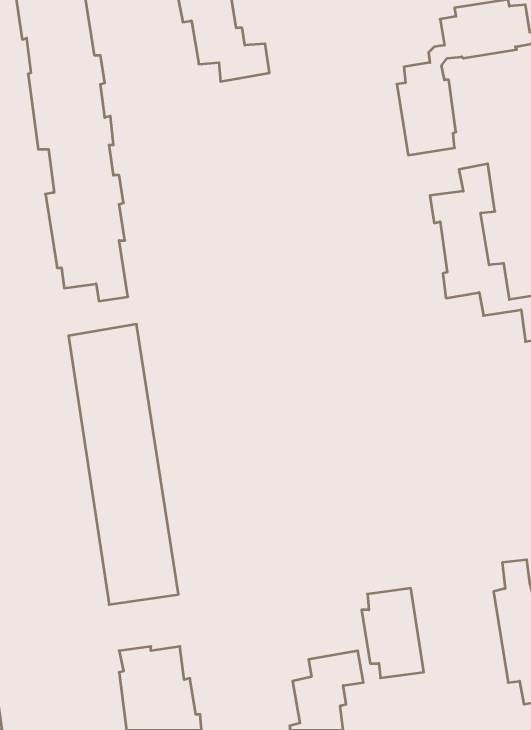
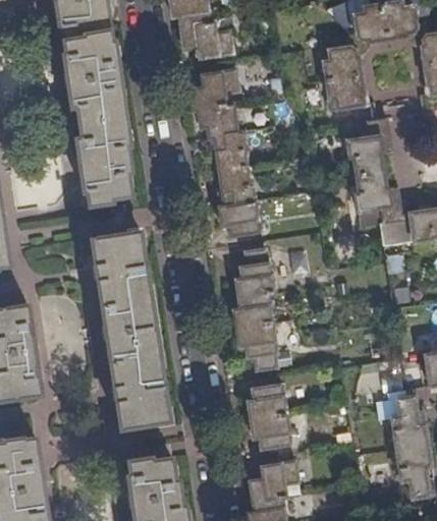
building: none -> [188,71,260,238]
building: none -> [233,250,278,371]
building: [362,588,424,678] -> [248,386,291,449]

